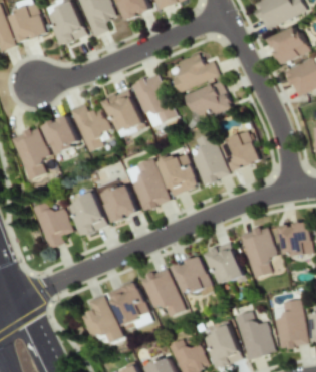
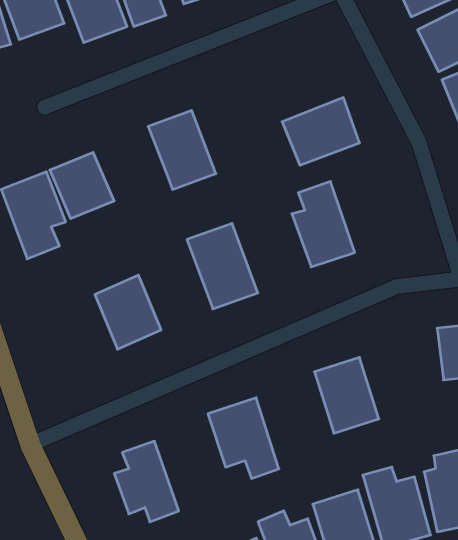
building: [170,52,219,91] -> none
building: [130,73,173,126] -> none
building: [68,102,109,151] -> none
building: [222,131,259,170] -> none
building: [156,149,198,197] -> none
building: [98,182,137,223] -> none
building: [32,200,72,249] -> none
building: [239,225,277,278] -> none
building: [172,255,213,298] -> none
building: [107,281,145,329] -> none

